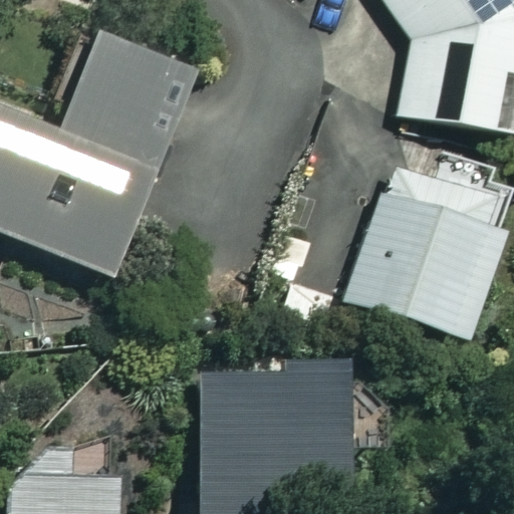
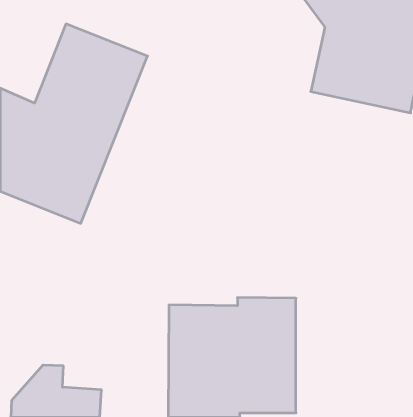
building: [346,161,502,335] -> none

